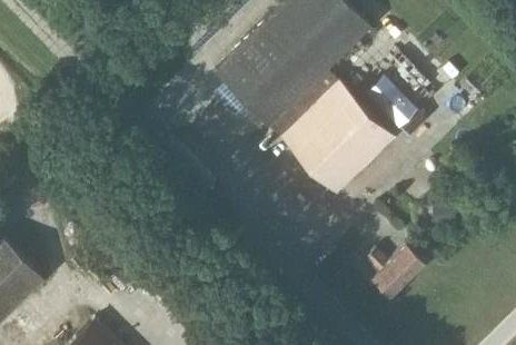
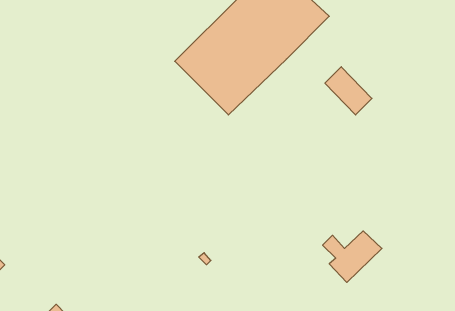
building: [281,82,394,194] -> none

